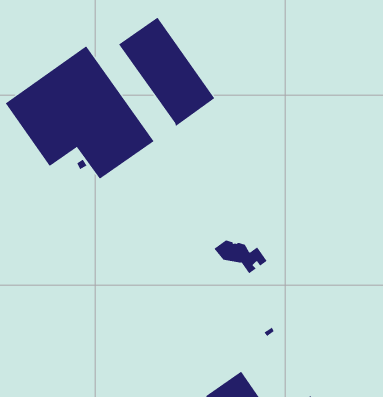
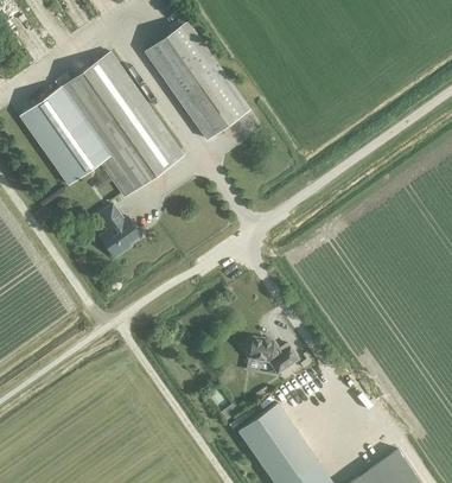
building: none -> [97,204,140,258]
building: [214,240,268,274] -> [240,337,298,374]

